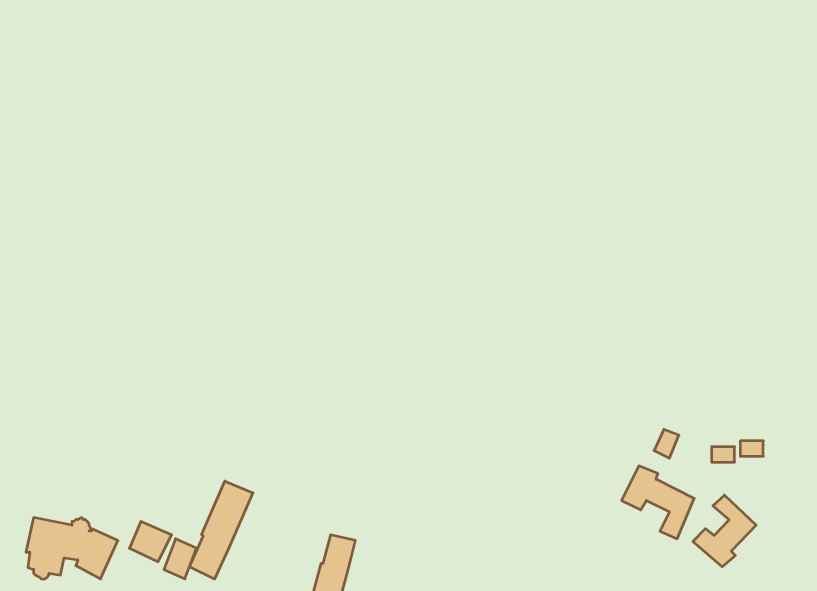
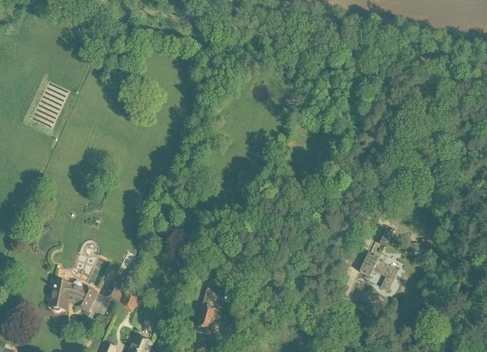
building: [190,481,253,579] -> none
building: [693,495,756,567] -> none

